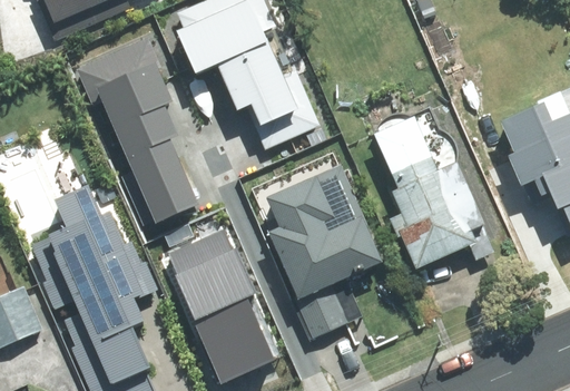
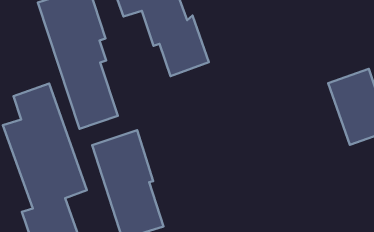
building: [375,110,493,270] -> none
building: [267,165,383,336] -> none

